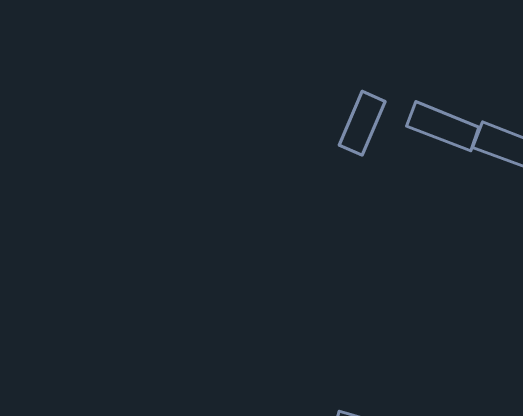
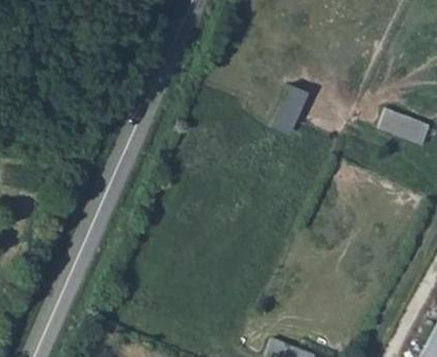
building: [407,101,479,151] -> none

